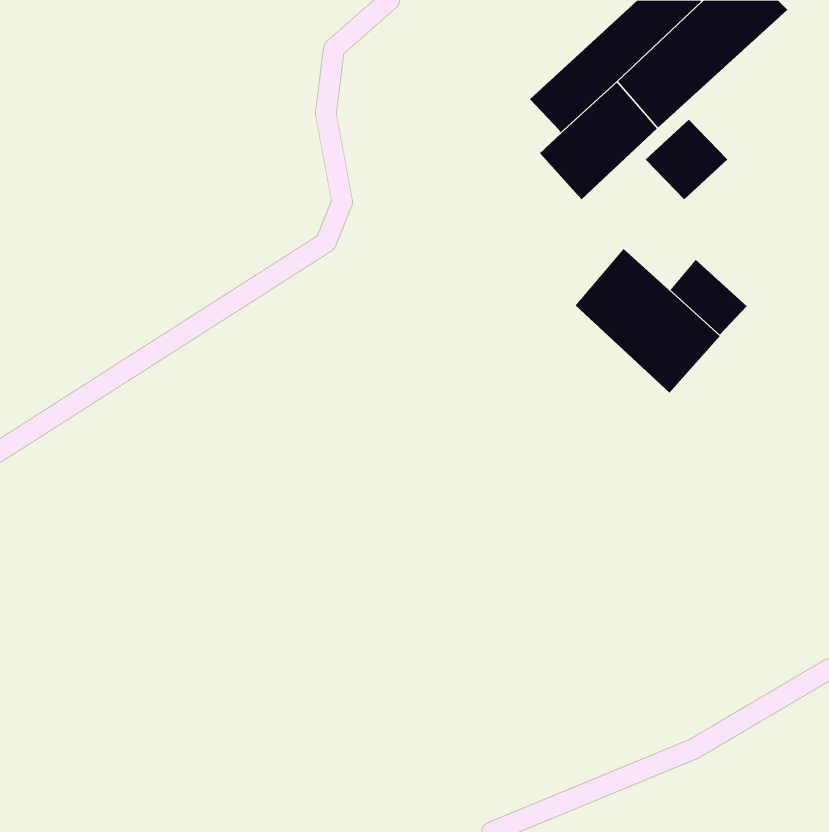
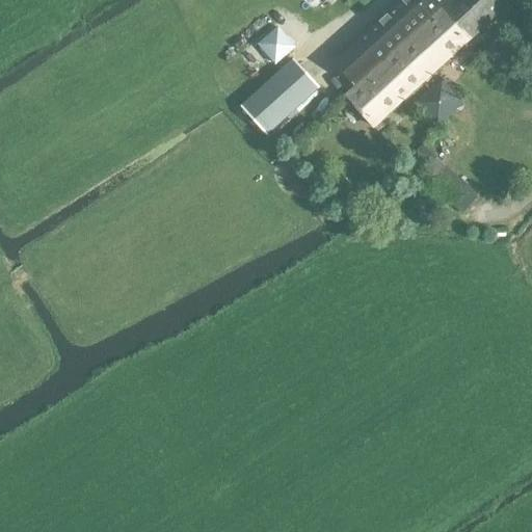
building: none -> [256,24,295,62]
building: none -> [243,52,329,133]
building: [575,248,720,393] -> none

